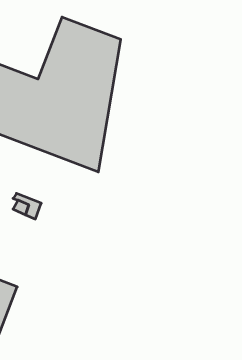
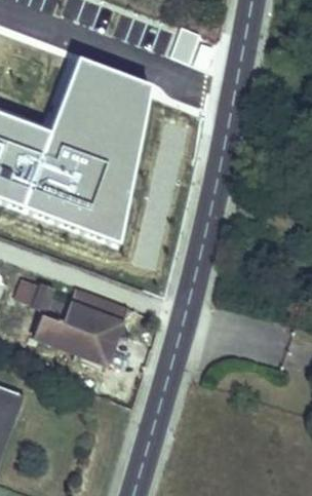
building: none -> [31,283,124,367]

